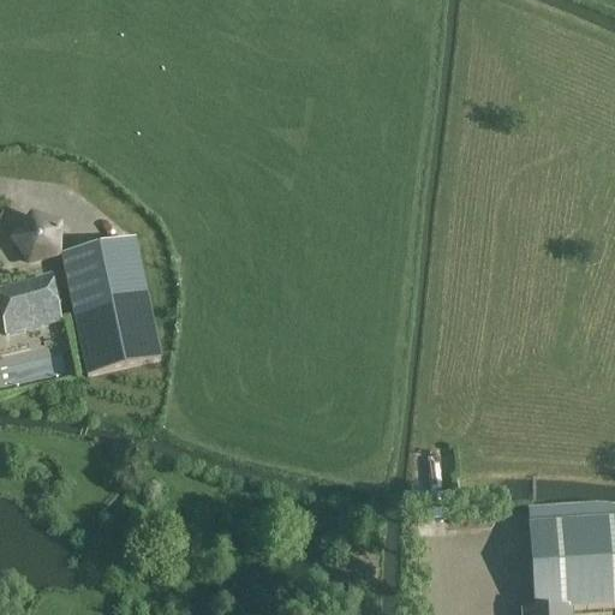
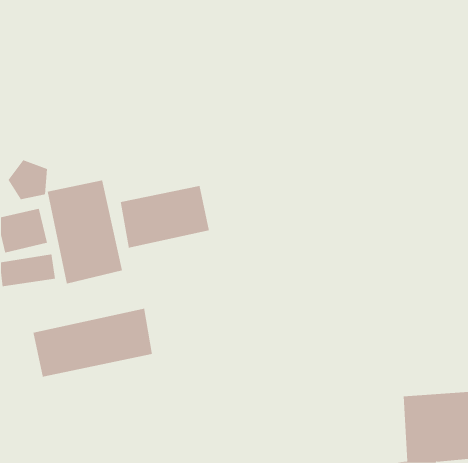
building: none -> [120,185,210,248]
building: none -> [33,308,153,377]

